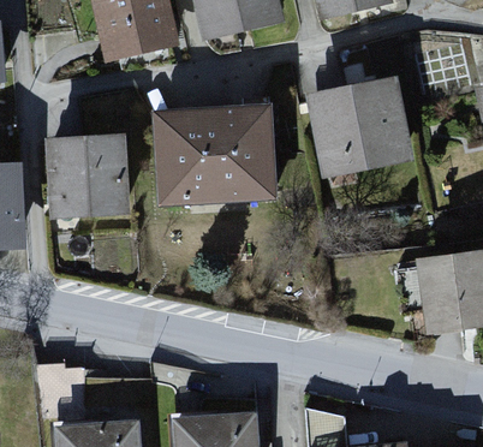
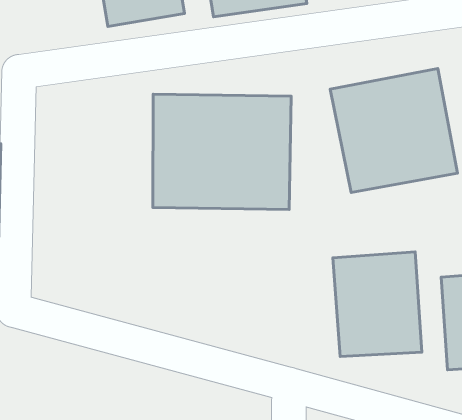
building: [58,133,129,221] -> none
building: none -> [333,252,422,357]

